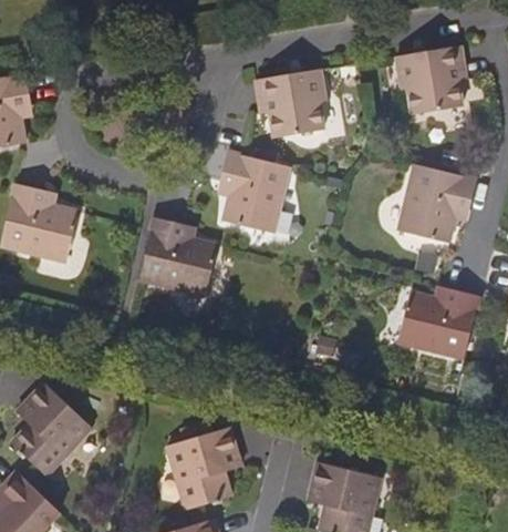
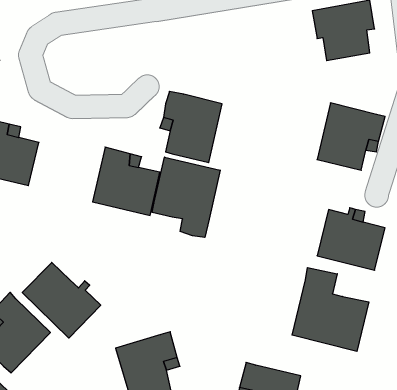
building: [257,70,326,139] -> none
building: none -> [152,157,220,237]
building: none -> [22,262,101,338]
building: none -> [292,268,369,351]

